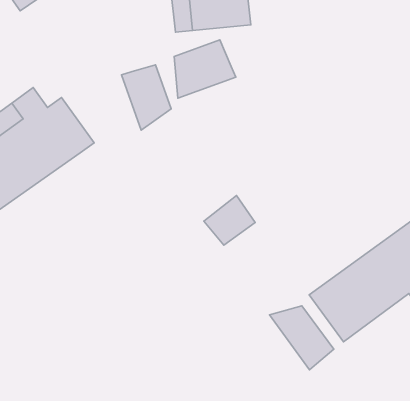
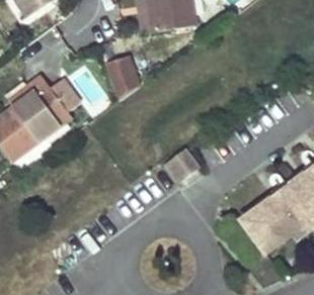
building: [174,40,236,98] -> none
building: [269,306,334,370] -> none

